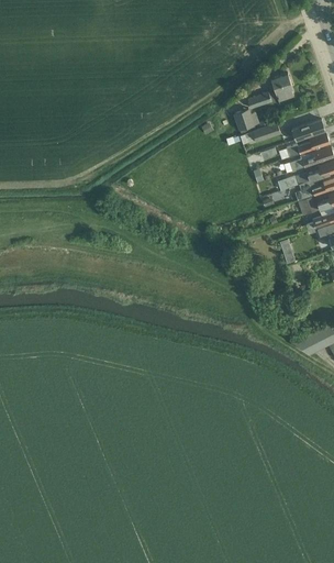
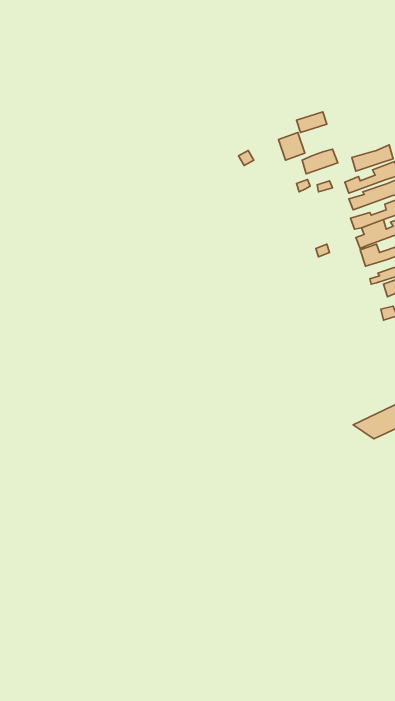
building: [268,71,291,100] -> none

